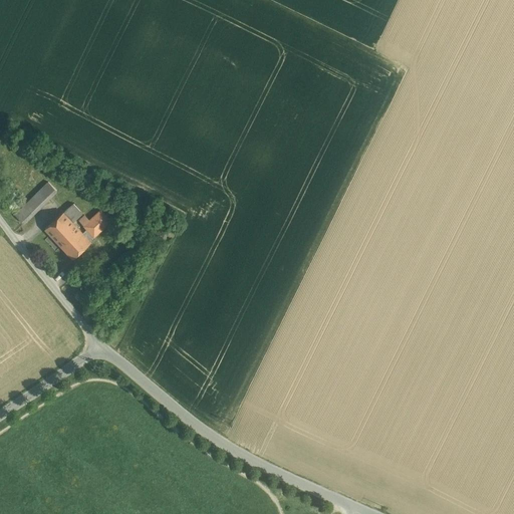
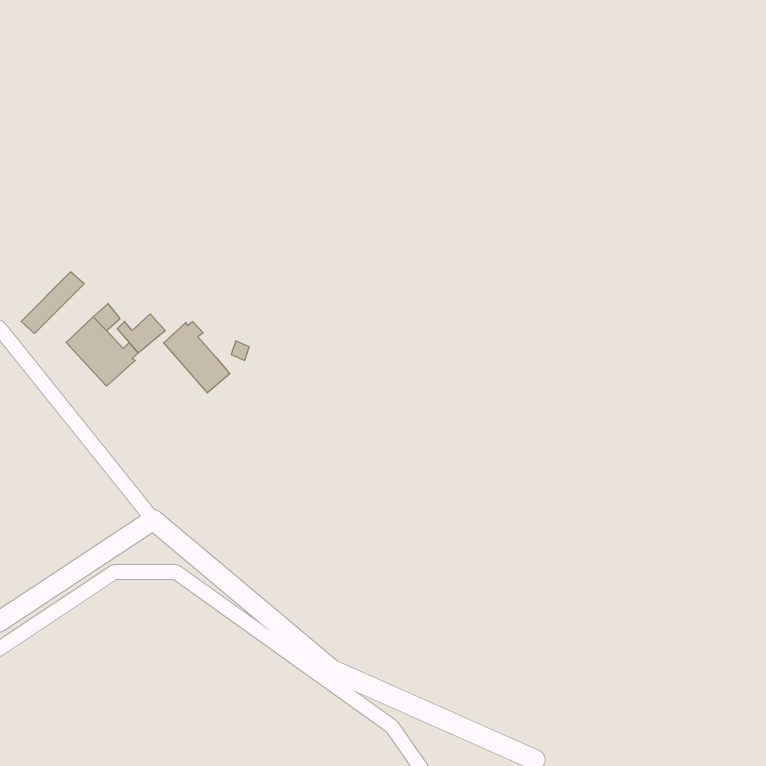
building: none -> [164,322,230,393]

